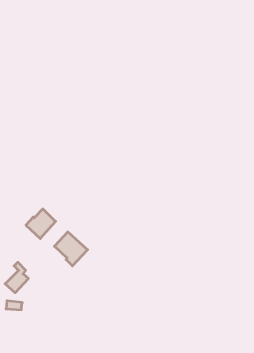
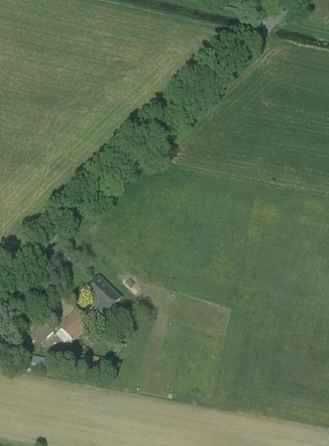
building: [26,209,56,239] -> [58,307,91,340]

